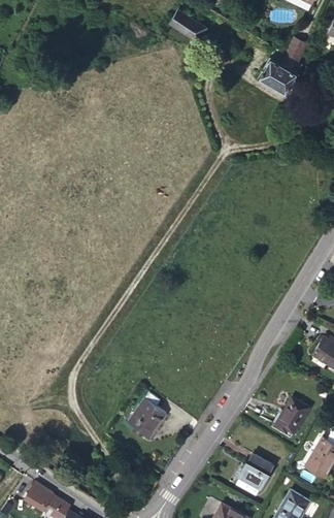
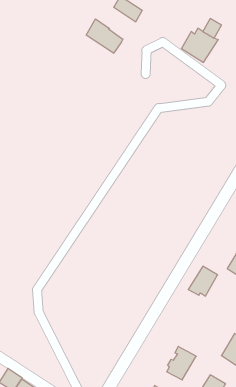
building: none -> [86,19,123,53]
building: [128,393,167,439] -> none
building: [273,397,310,435] -> [188,266,218,296]

